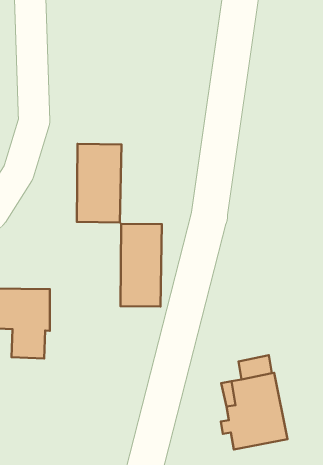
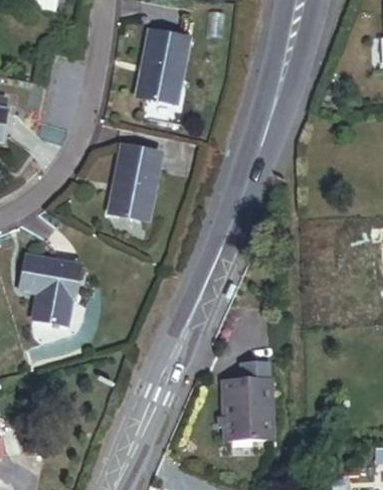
building: none -> [138,31,189,103]
building: [121,224,162,306] -> none

